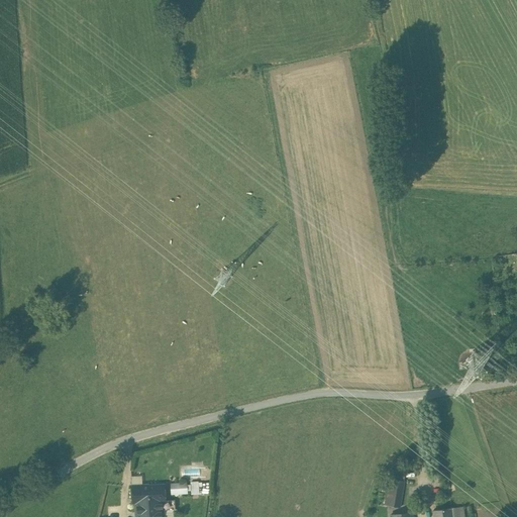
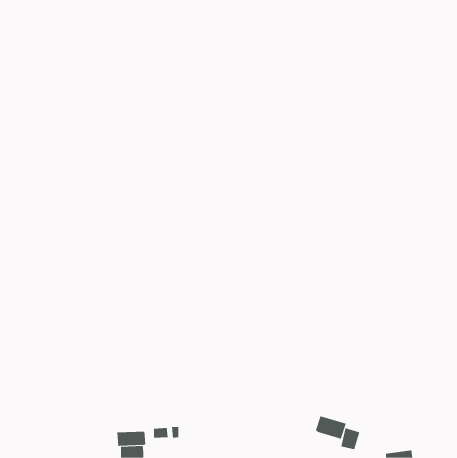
building: none -> [315,416,346,439]

